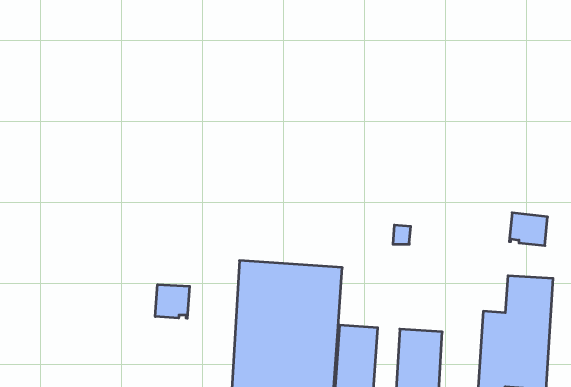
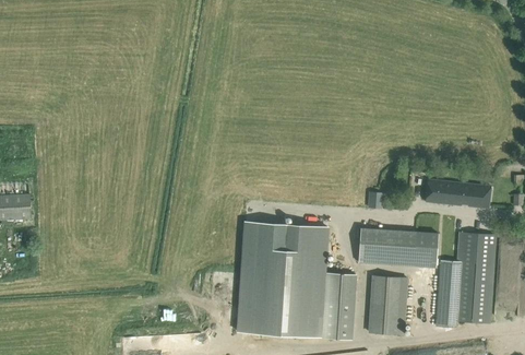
building: none -> [425,179,462,205]
building: none -> [358,227,437,268]
building: [155,285,190,318] -> none

